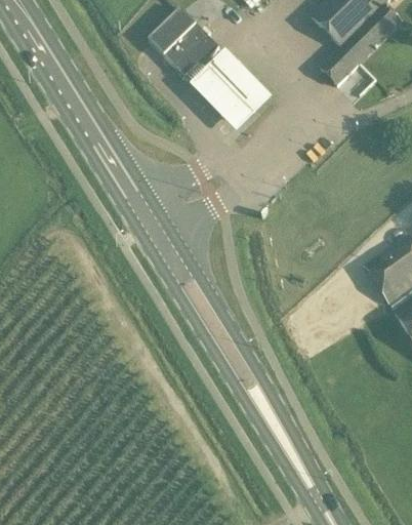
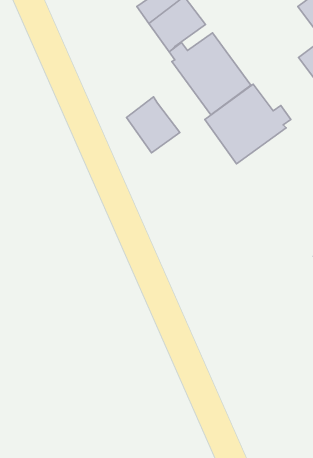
building: none -> [205,84,291,164]
building: none -> [127,97,180,153]

